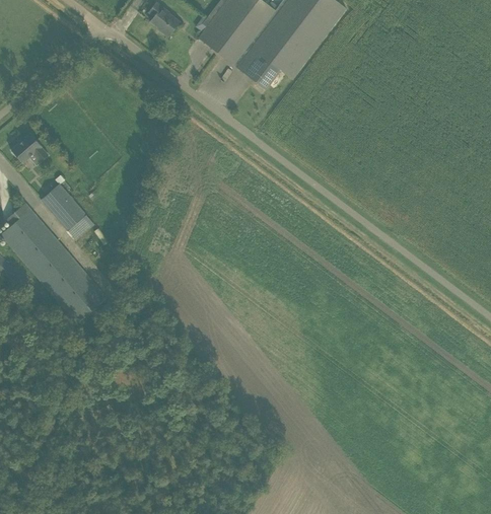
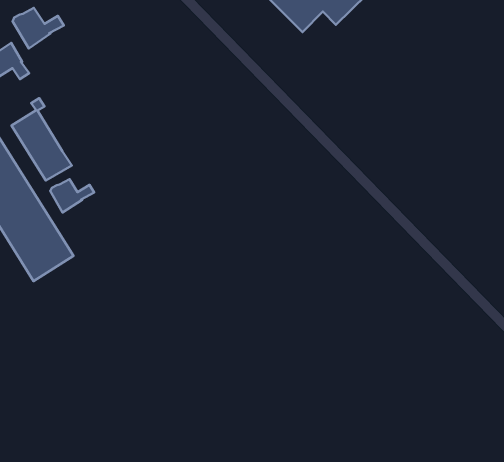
building: none -> [13,8,64,48]
building: none -> [50,179,94,213]

